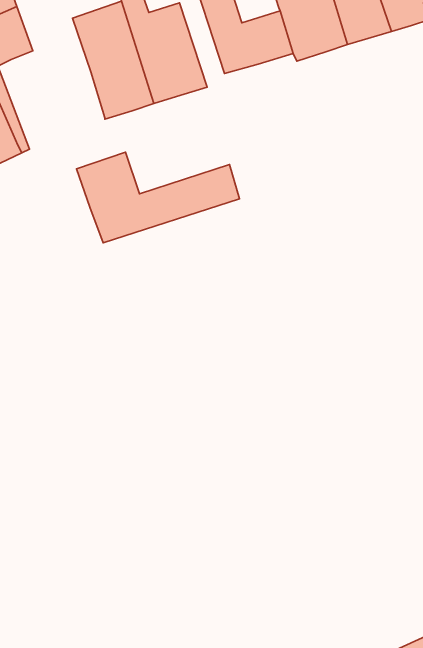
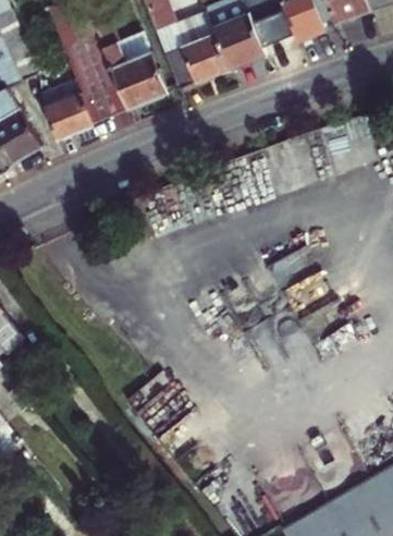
building: none -> [47,87,94,134]
building: [77,152,239,243] -> none

